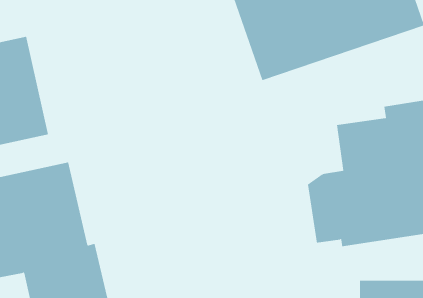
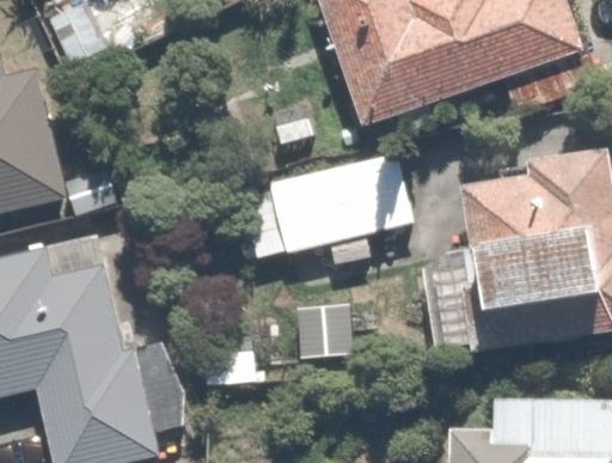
building: none -> [268,156,415,252]

